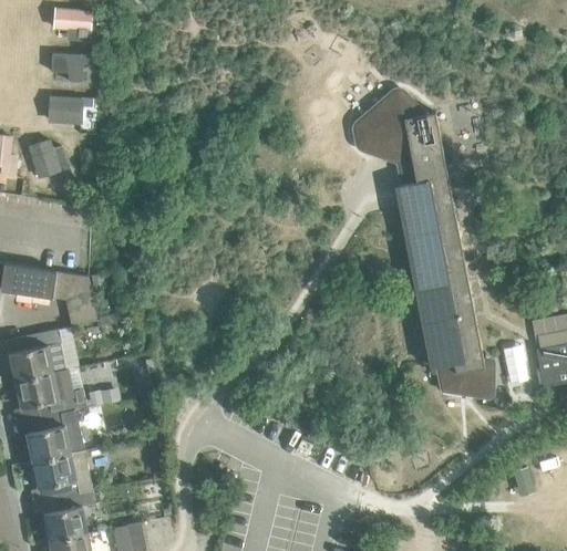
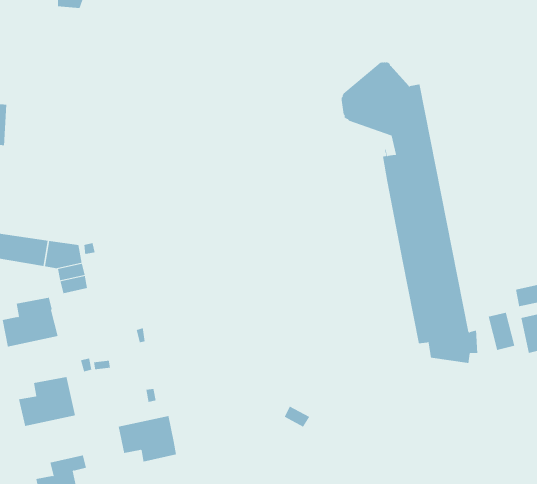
building: [50,50,92,82] -> none
building: [48,91,91,123] -> none
building: [29,137,65,178] -> none
building: [14,368,87,418] -> none
building: [32,451,92,499] -> [118,415,177,462]

